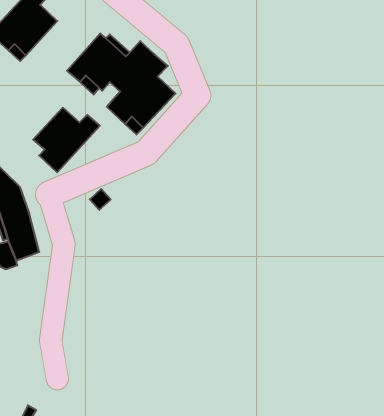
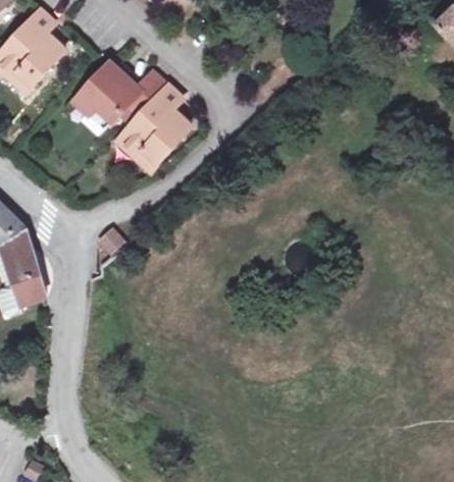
building: [33,108,100,172] -> none

